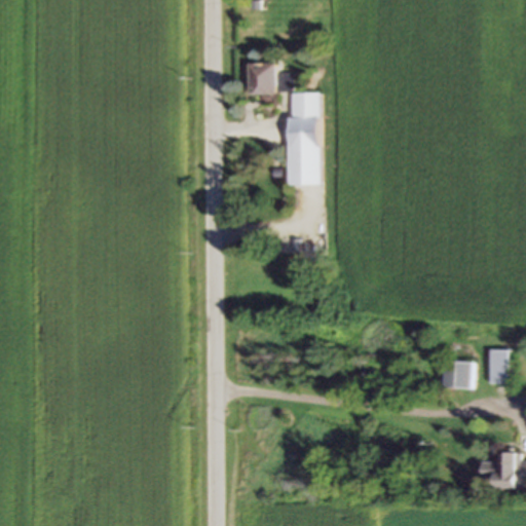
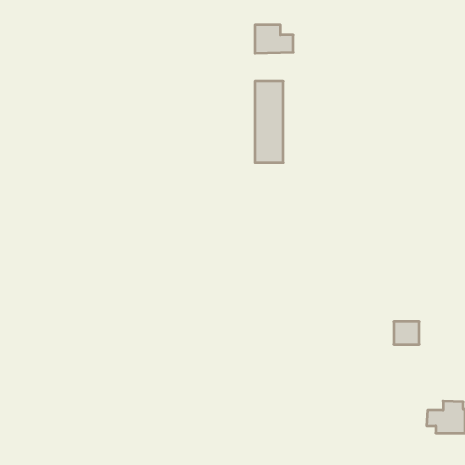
building: [247,61,290,92] -> [255,25,293,53]
building: [488,349,509,383] -> none

